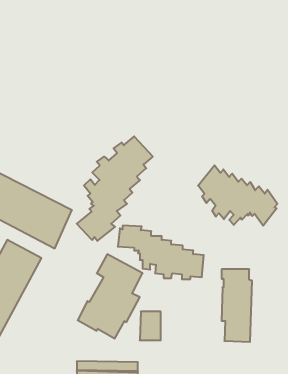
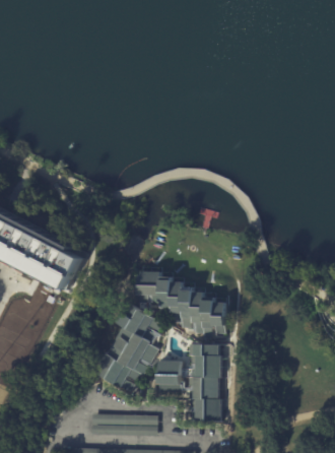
building: [77,136,153,241] -> none
building: [198,165,277,226] -> none
building: [222,269,252,342] -> [189,344,221,422]

